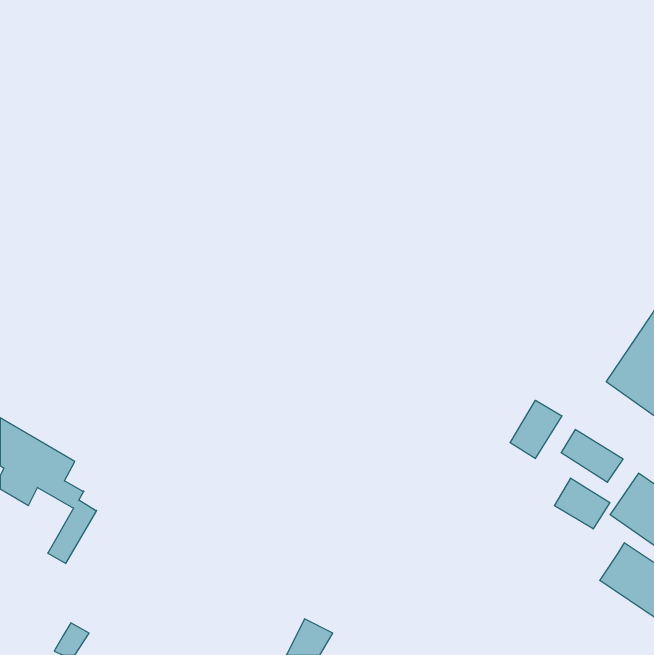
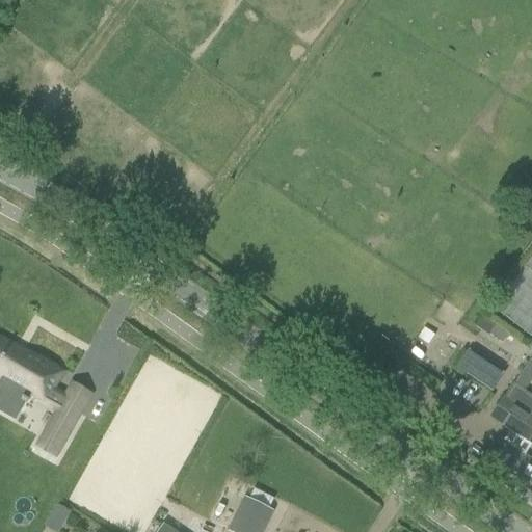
building: [510,400,562,459] -> none
building: [554,478,610,529] -> none

